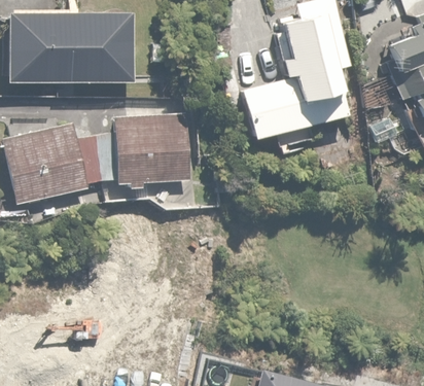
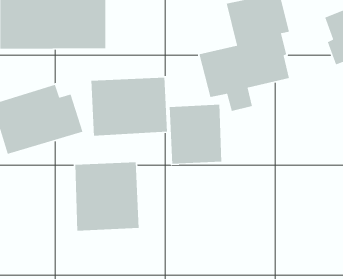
building: none -> [169,104,222,165]
building: none -> [74,161,140,231]

